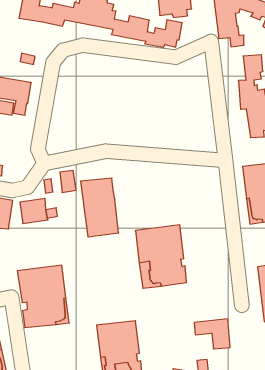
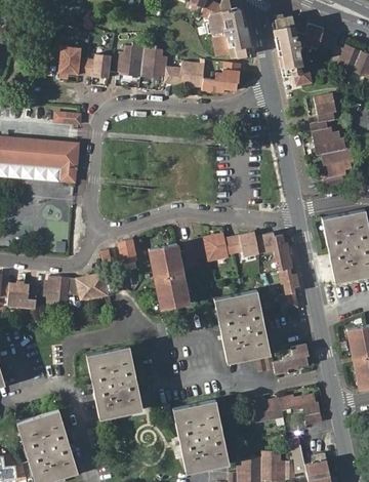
building: none -> [180,233,299,312]
building: none -> [274,344,312,374]
building: none -> [250,398,285,423]

